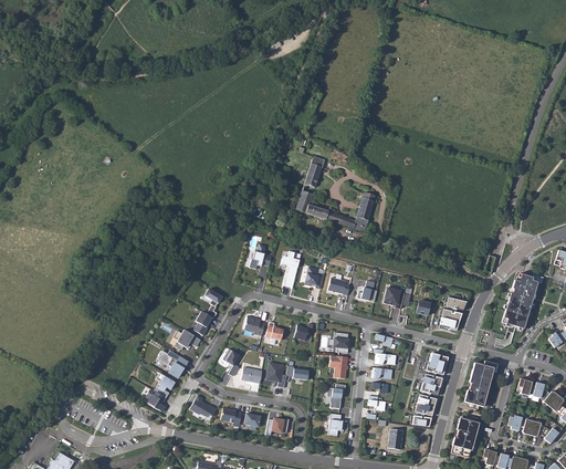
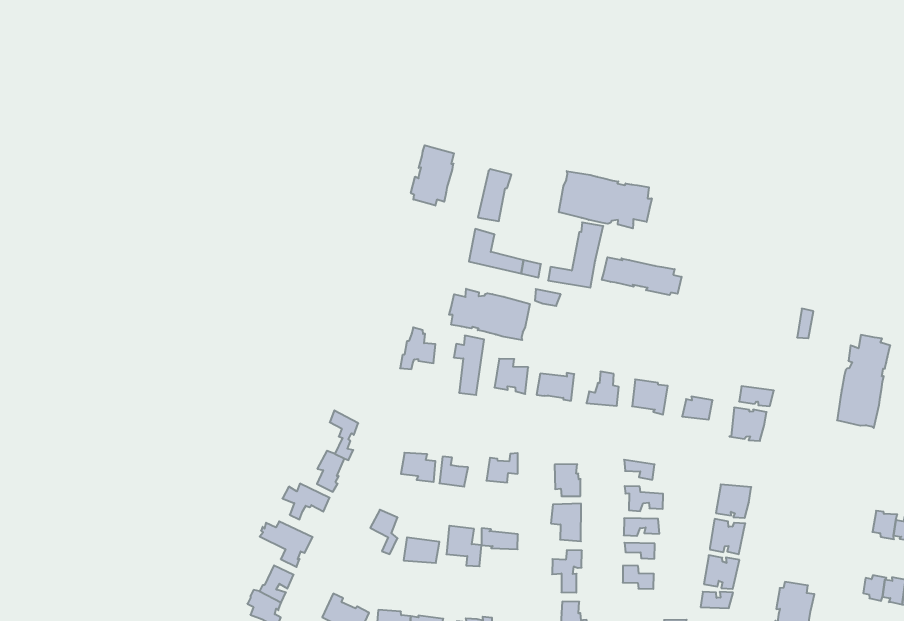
building: none -> [411,145,454,206]
building: none -> [559,171,652,228]
building: none -> [602,257,682,295]
building: none -> [449,289,530,340]
building: [463,361,496,409] -> none

